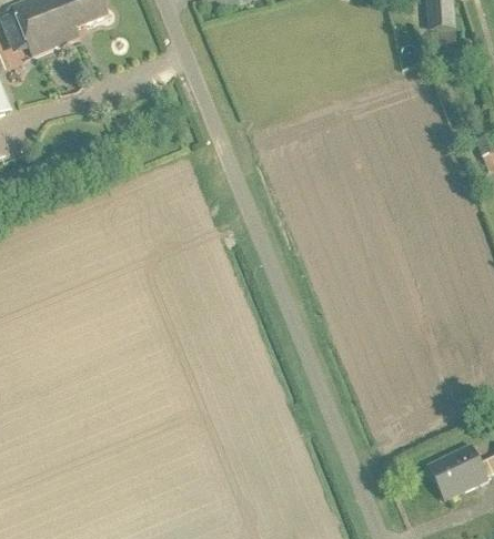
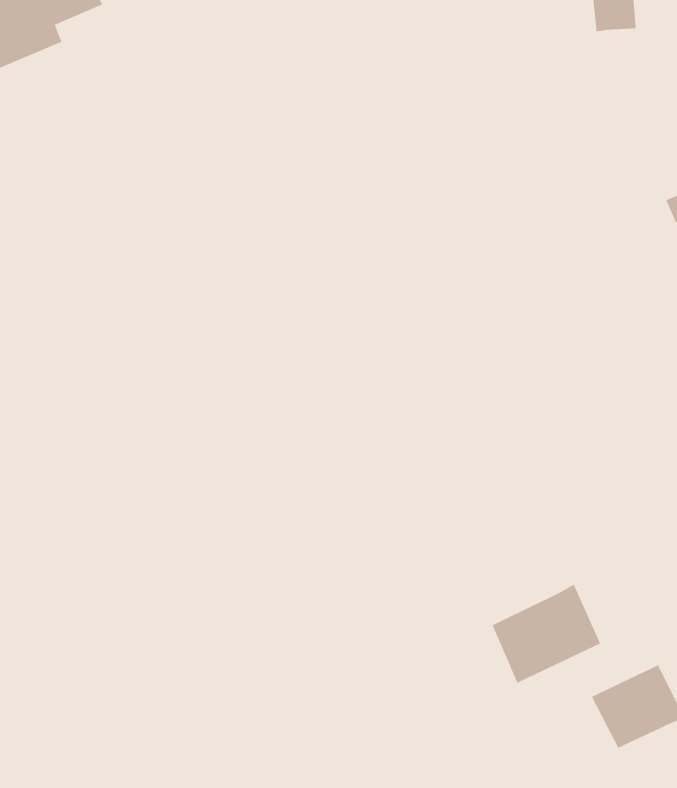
building: none -> [492,584,601,684]

